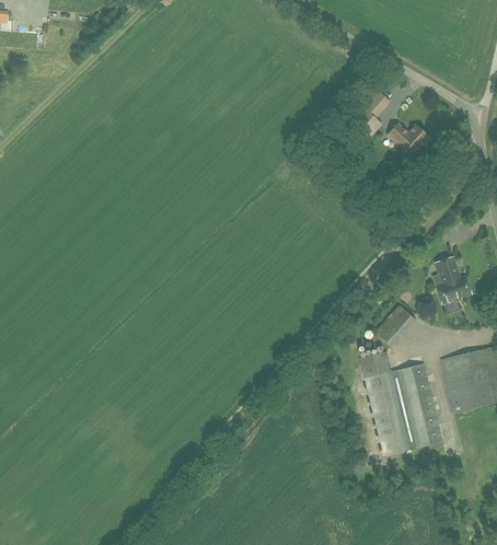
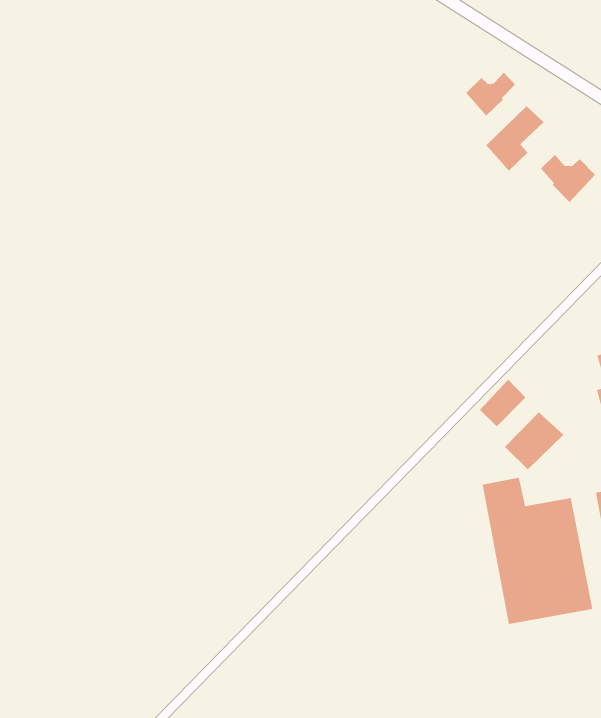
building: none -> [465,72,516,117]
building: none -> [479,379,526,427]

